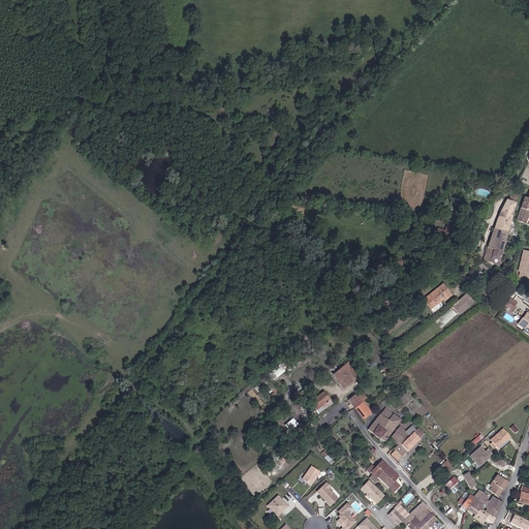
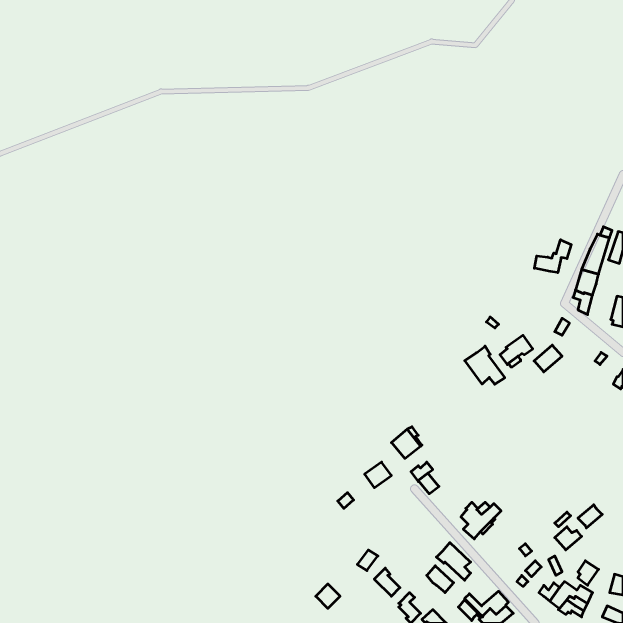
building: none -> [534,240,571,273]
building: none -> [465,346,505,384]
building: [368,408,401,441] -> none

